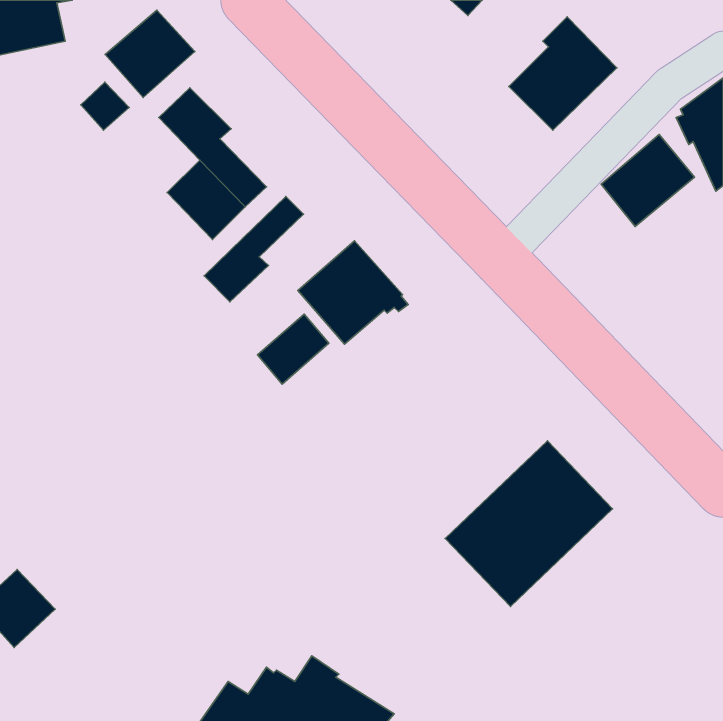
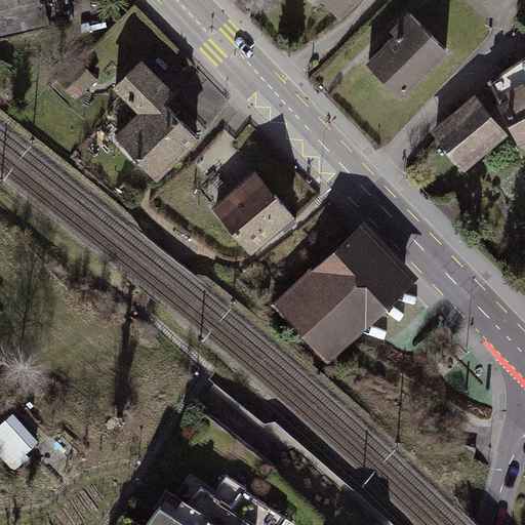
building: [105,10,195,97] -> none
building: [204,197,303,302] -> none
building: [258,314,329,384] -> none
building: [445,441,613,607] -> [282,235,403,355]

